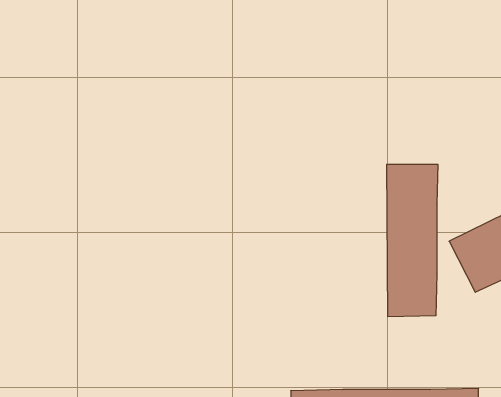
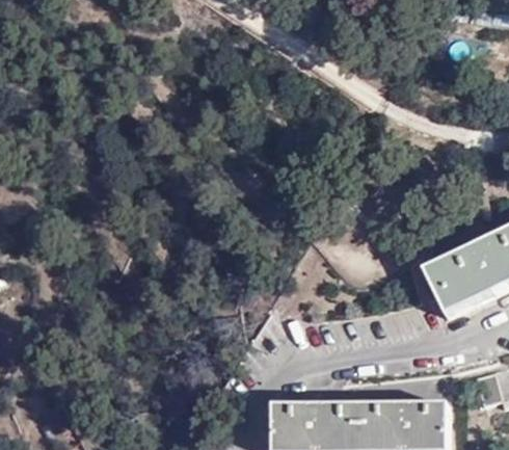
building: [387,164,438,317] -> none

